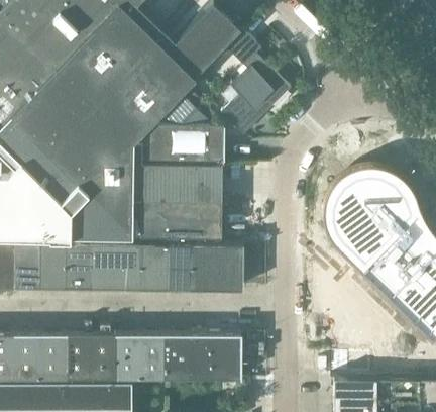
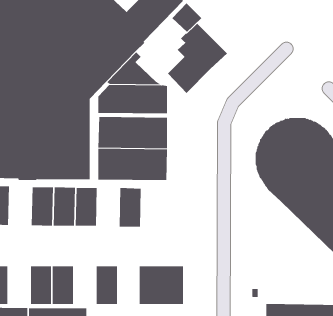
building: [39,244,66,290] -> none
building: [140,246,167,292] -> none
building: [191,247,242,293] -> none
building: [38,336,64,381] -> none
building: [114,336,139,381] -> none
building: [165,336,189,381] -> none

